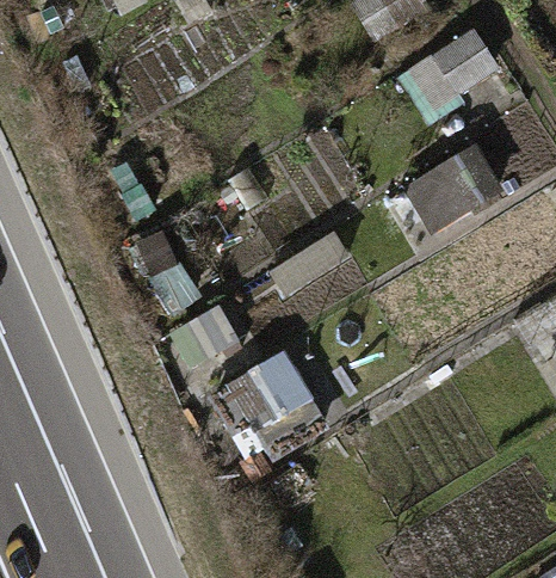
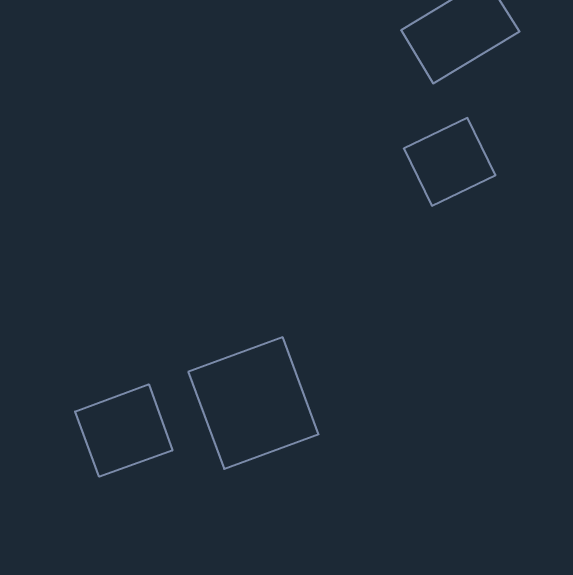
building: none -> [75,384,172,477]

